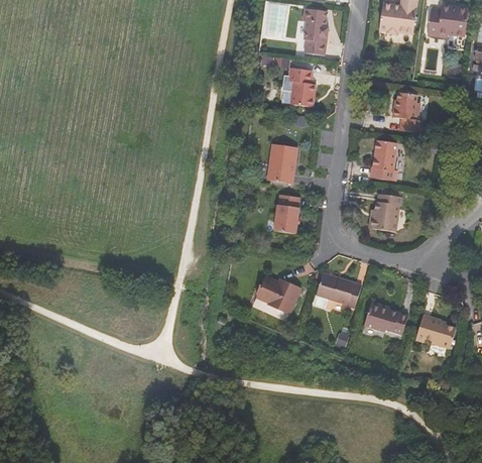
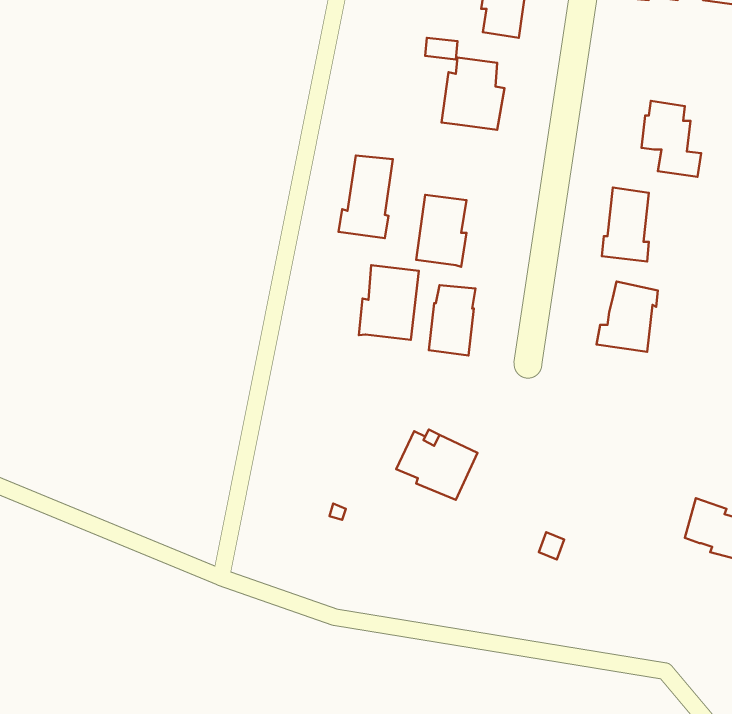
building: none -> [338,155,393,238]
building: none -> [359,265,419,340]
building: [313,274,362,308] -> none
building: [364,301,408,334] -> none

